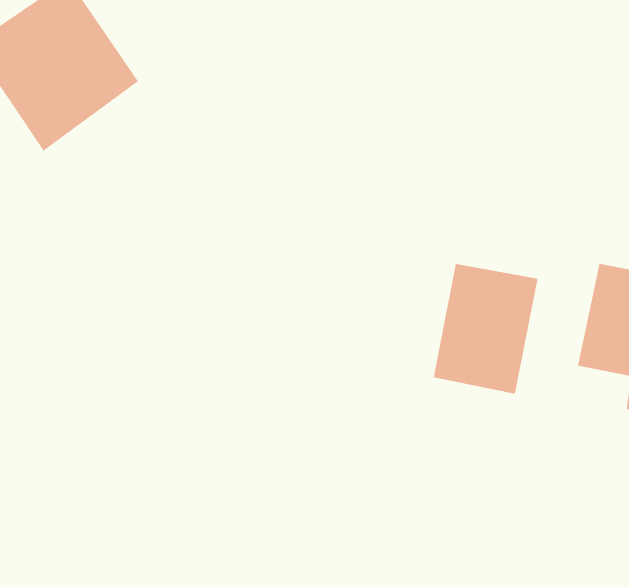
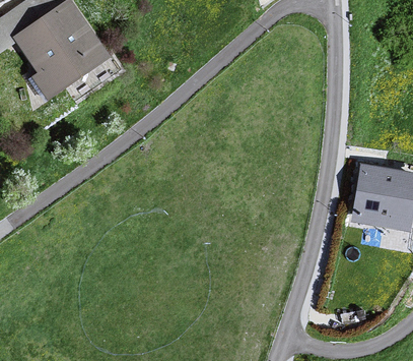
building: [433,263,538,395] -> none

